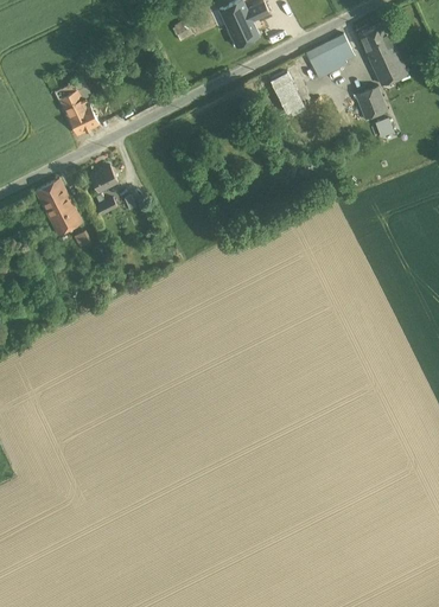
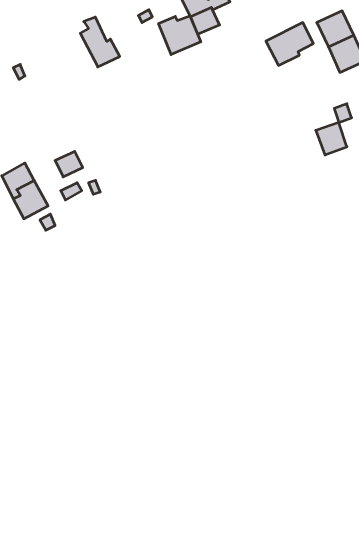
building: none -> [159,16,201,55]
building: [268,71,301,113] -> none
building: [58,82,98,133] -> [80,17,120,67]
building: [354,85,386,119] -> [316,122,347,155]

